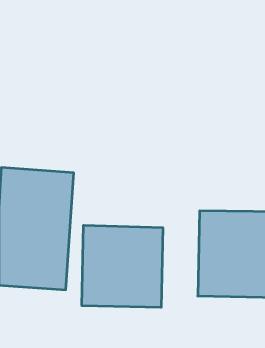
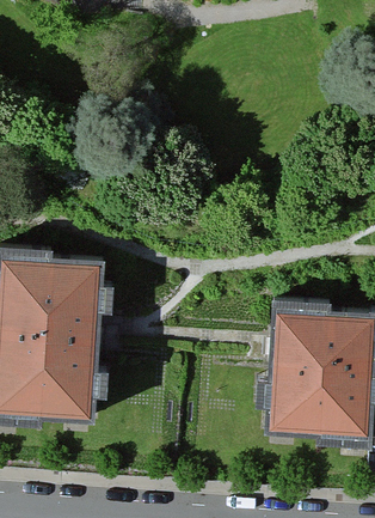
building: [82,225,163,307] -> none

